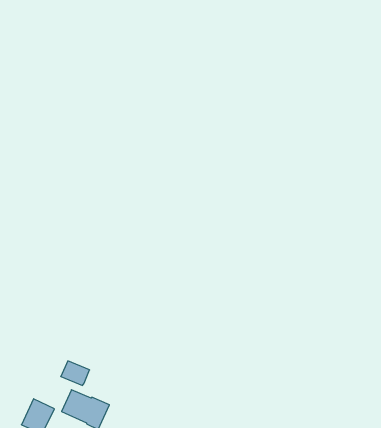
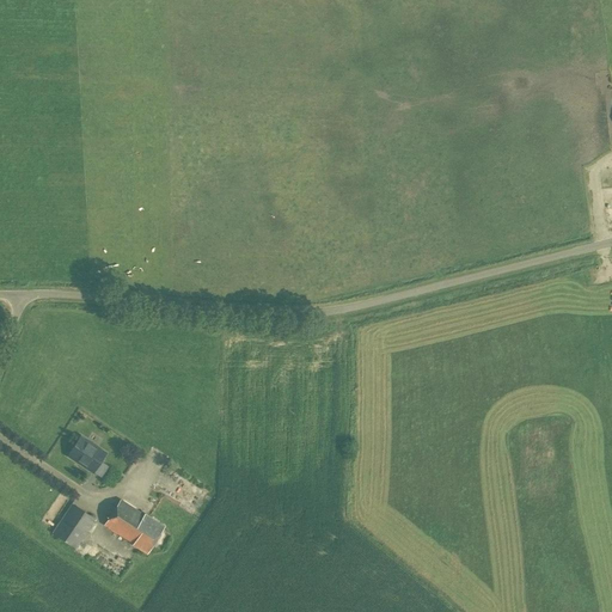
building: [61,361,90,385] -> [69,439,106,472]

